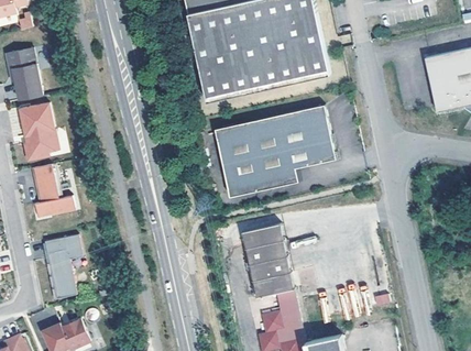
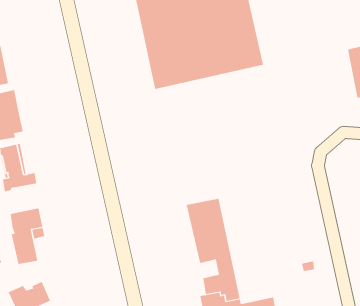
building: [213,103,336,197] -> none

